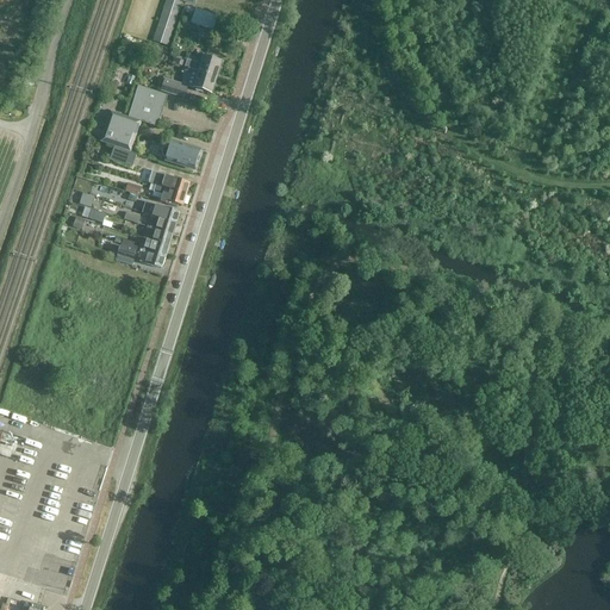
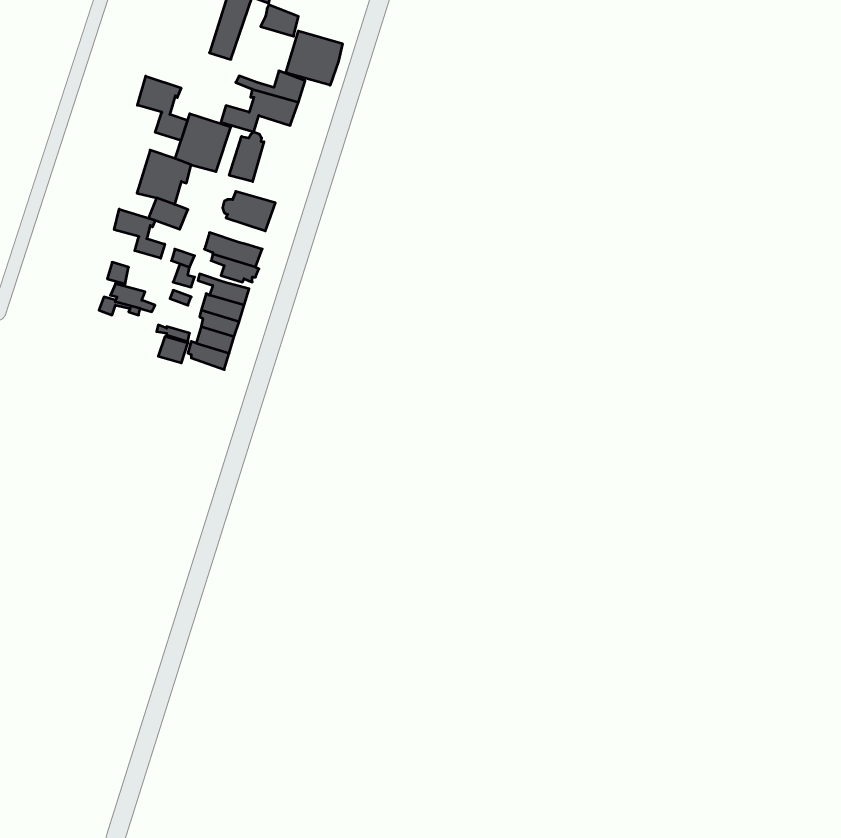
building: none -> [286,31,342,85]
building: none -> [137,76,187,140]
building: none -> [229,132,264,182]
building: none -> [114,209,165,258]

